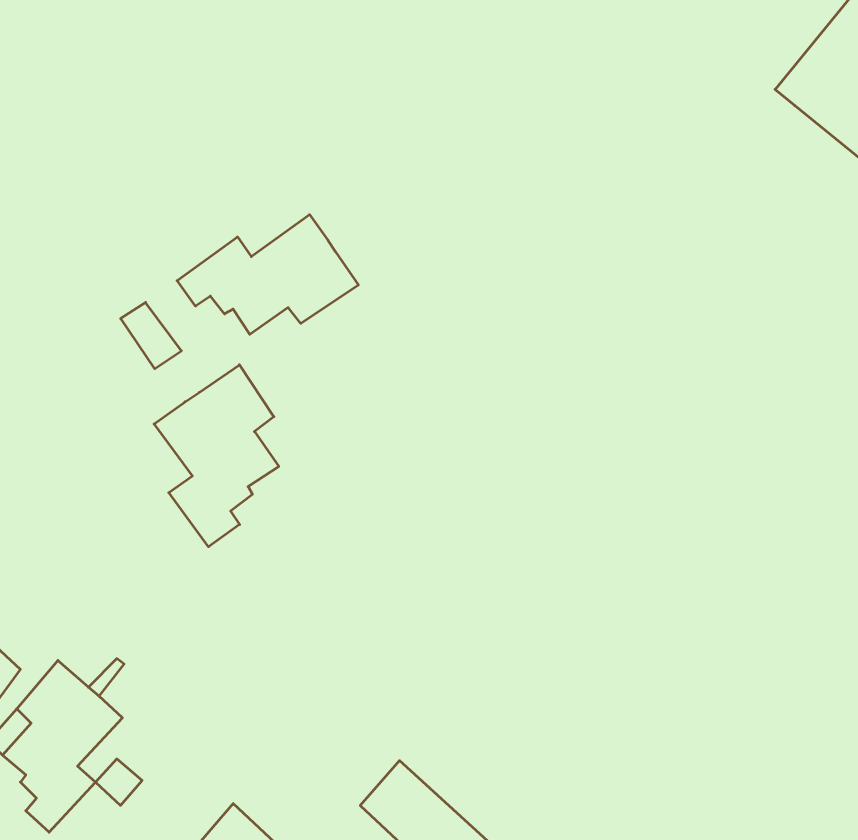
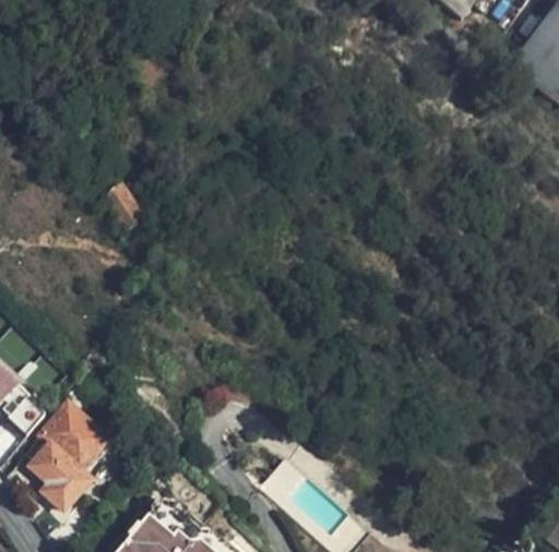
building: [177,215,358,334] -> none
building: [154,365,279,547] -> none

